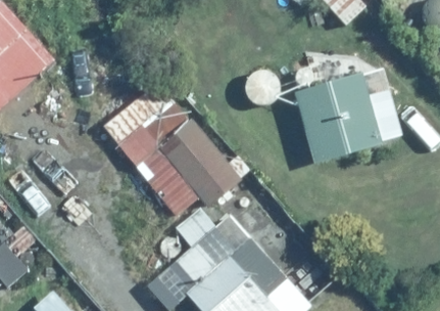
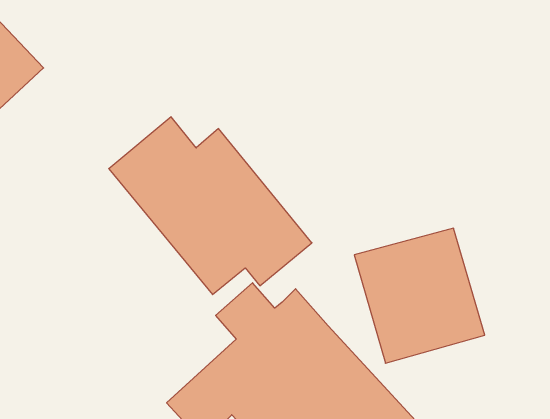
building: [293,72,383,165] -> [354,228,485,363]

